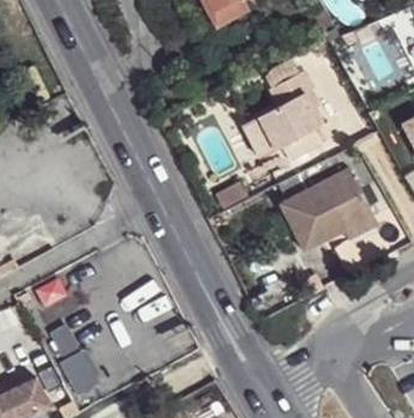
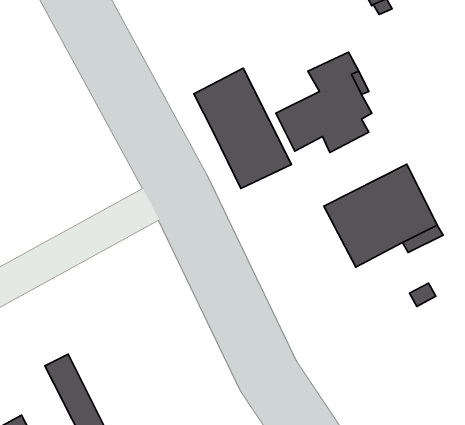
building: none -> [194,68,291,189]

